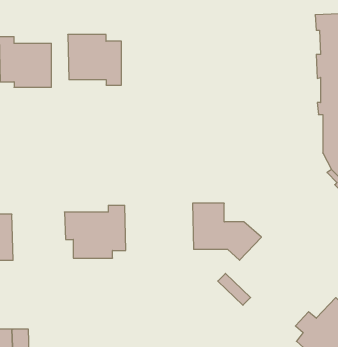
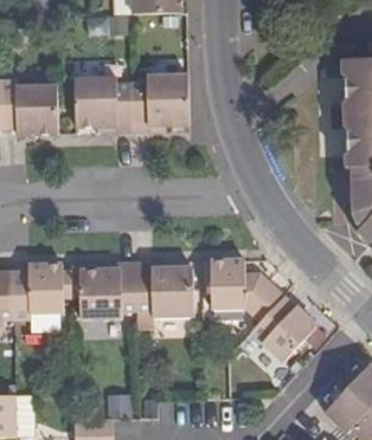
building: none -> [133,75,191,131]
building: none -> [136,260,193,316]
building: none -> [14,264,72,321]
building: none -> [252,296,318,361]

